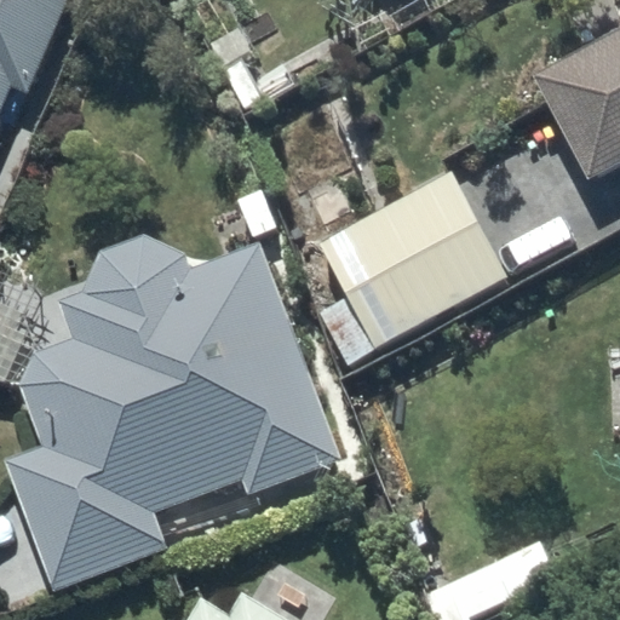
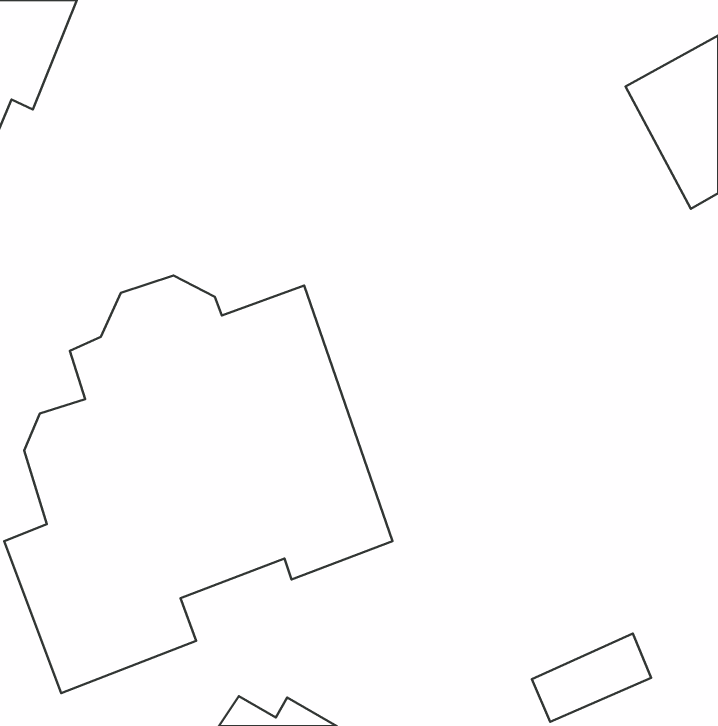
building: [320,171,510,346] -> none

